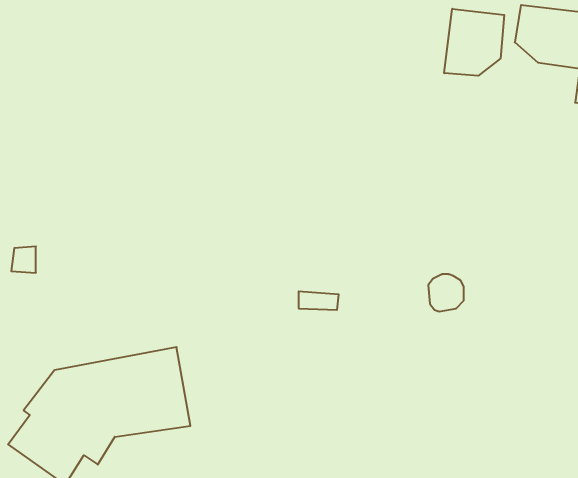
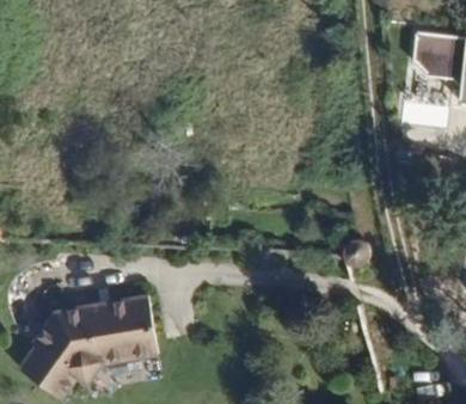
building: [444,9,504,76] -> none

